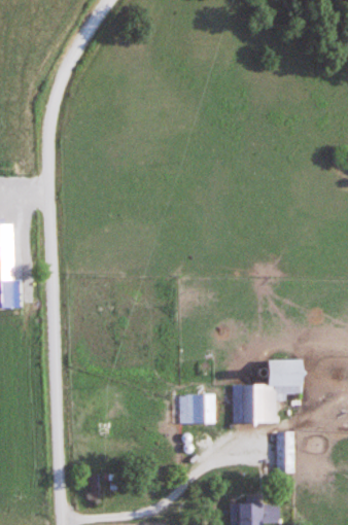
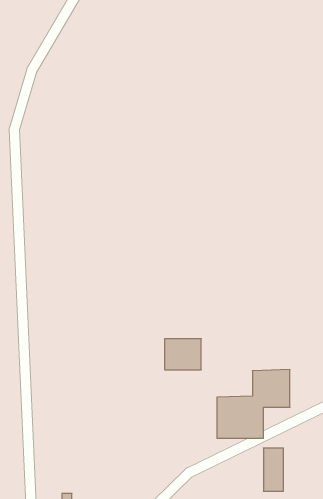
building: [180,394,214,423] -> [165,339,201,370]

